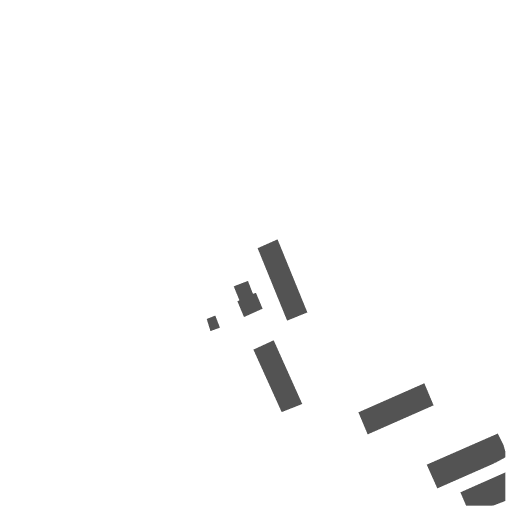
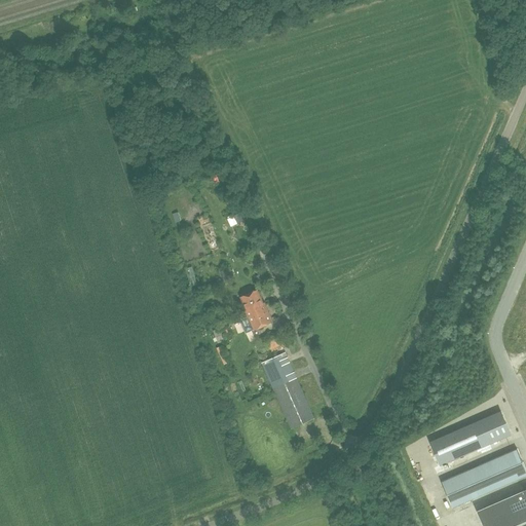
building: [257,238,308,321] -> none
building: [357,383,435,435] -> [430,411,511,465]

